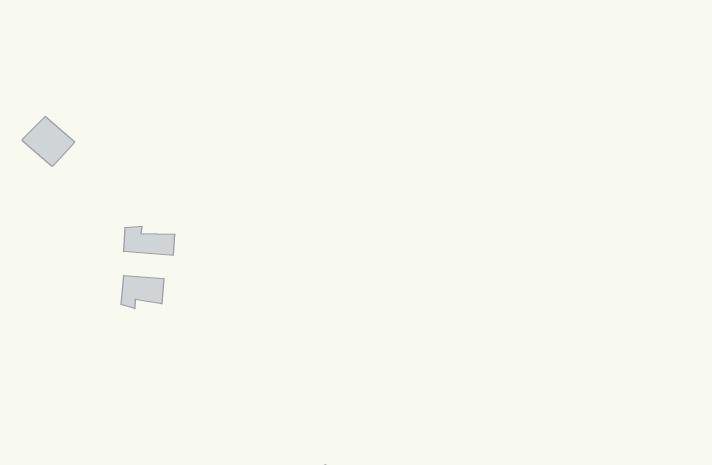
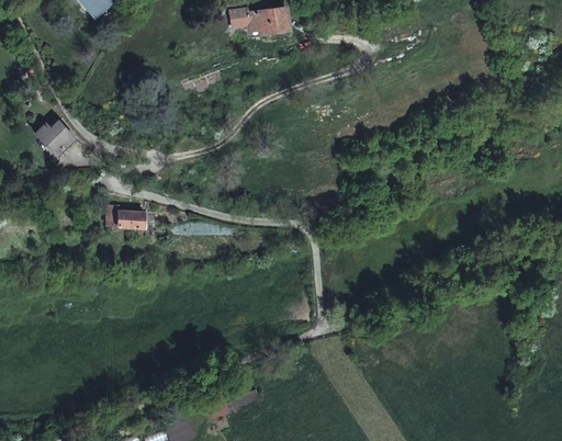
building: [121,275,164,309] -> none

